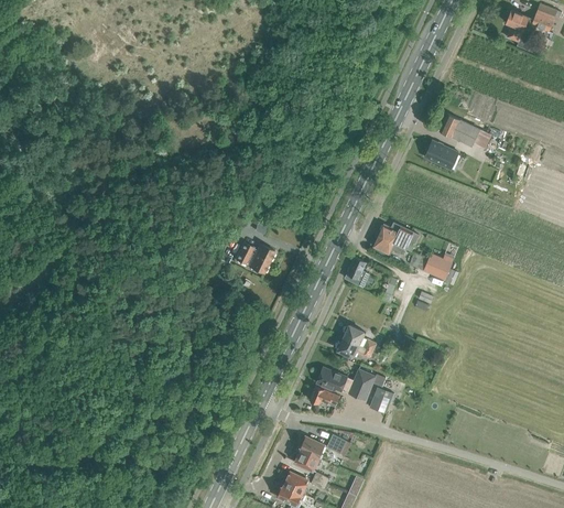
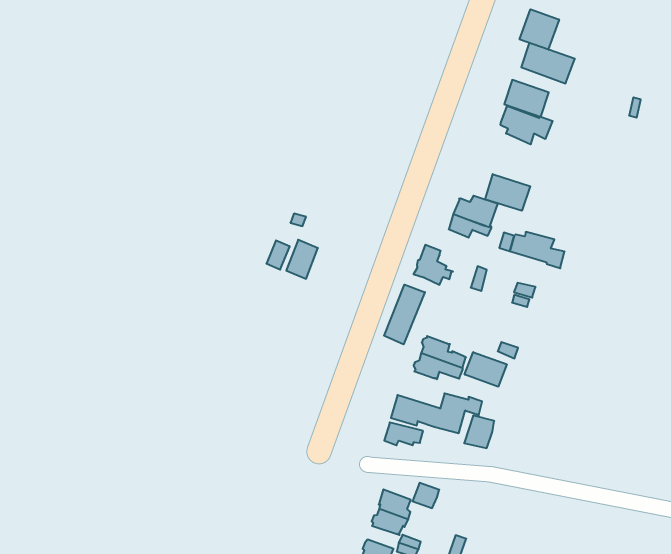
building: none -> [520,9,559,50]
building: none -> [501,106,553,144]
building: none -> [485,174,530,211]
building: none -> [384,285,425,344]
building: none -> [465,352,507,387]

